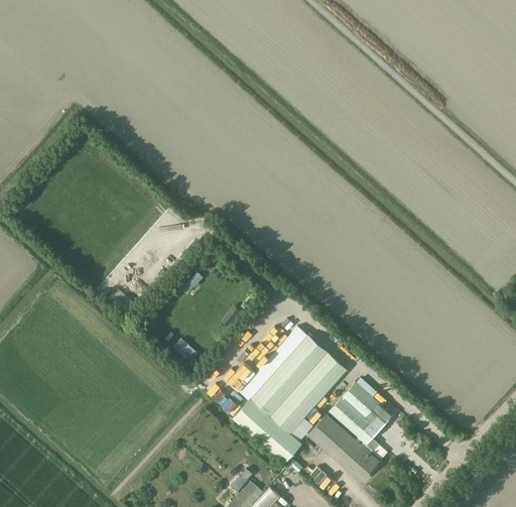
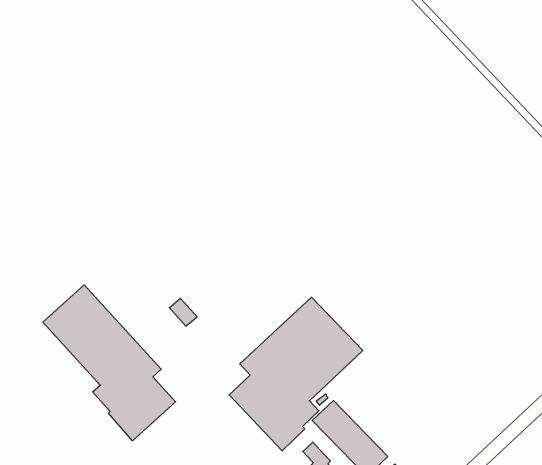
building: none -> [43,285,176,441]
building: [330,380,392,451] -> none

